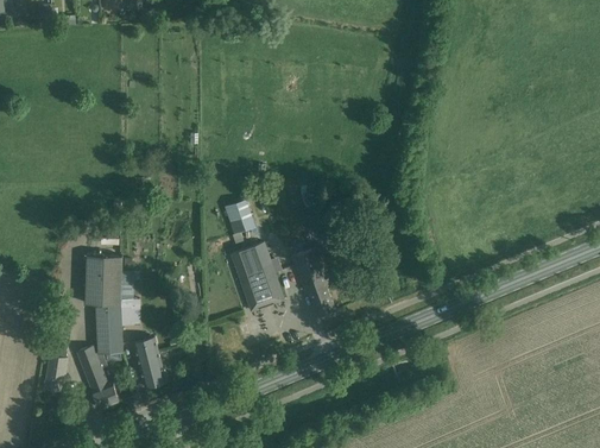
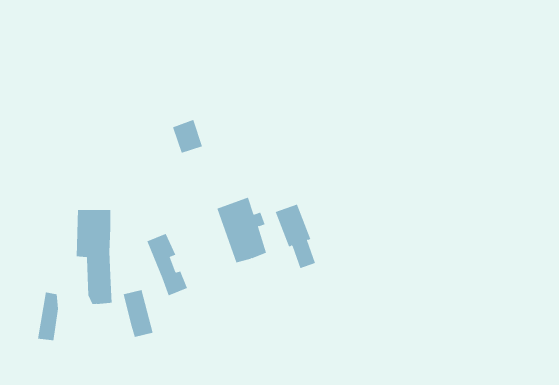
building: [225,198,257,234] -> [172,119,203,153]
building: [77,343,120,409] -> [147,233,188,296]

